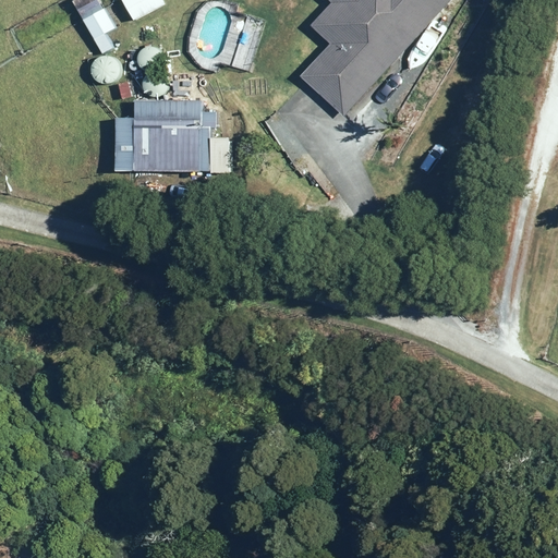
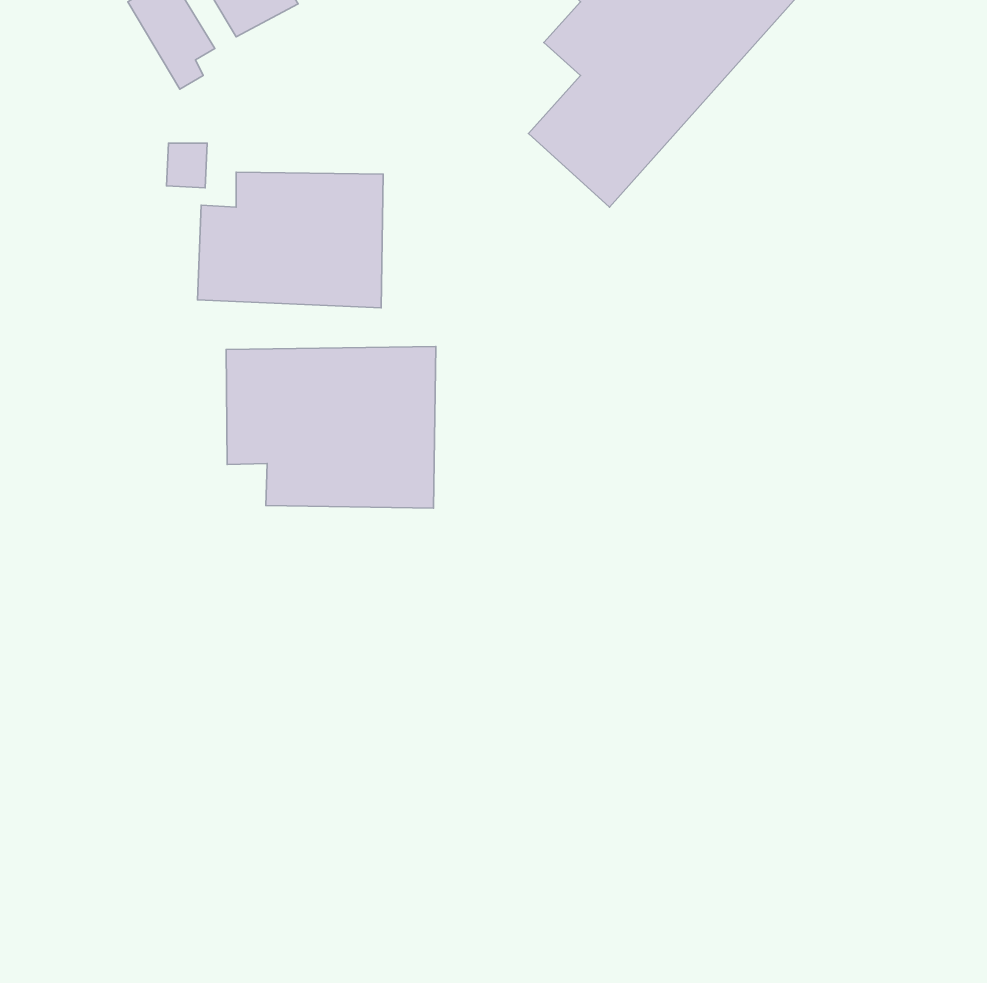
building: none -> [226,346,436,508]

